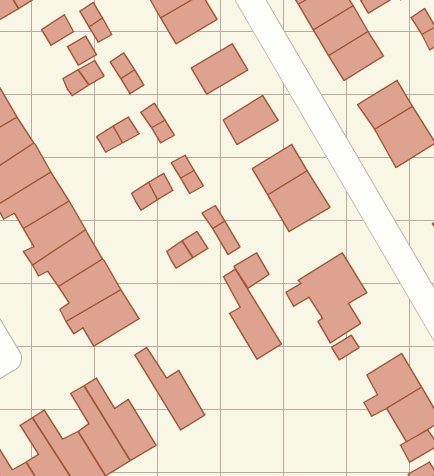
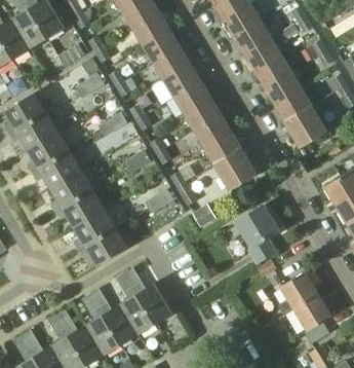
building: none -> [153,47,191,80]
building: none -> [266,72,302,105]
building: none -> [173,81,211,115]
building: none -> [194,115,231,148]
building: [223,269,281,359] -> [117,273,156,334]

